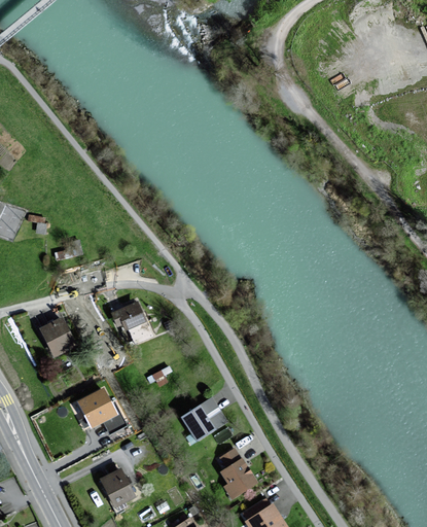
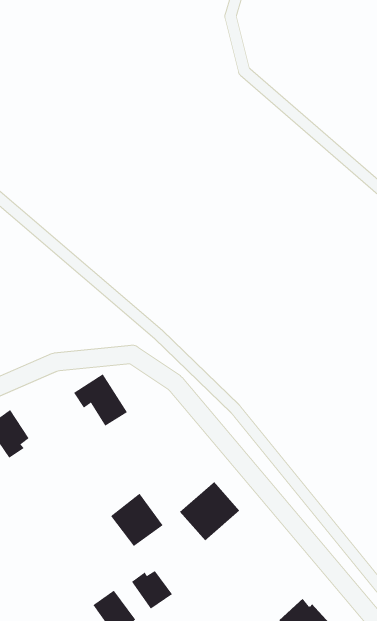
building: [77,387,117,428] -> [110,493,163,547]
building: [219,449,257,500] -> none
building: none -> [131,570,173,609]

